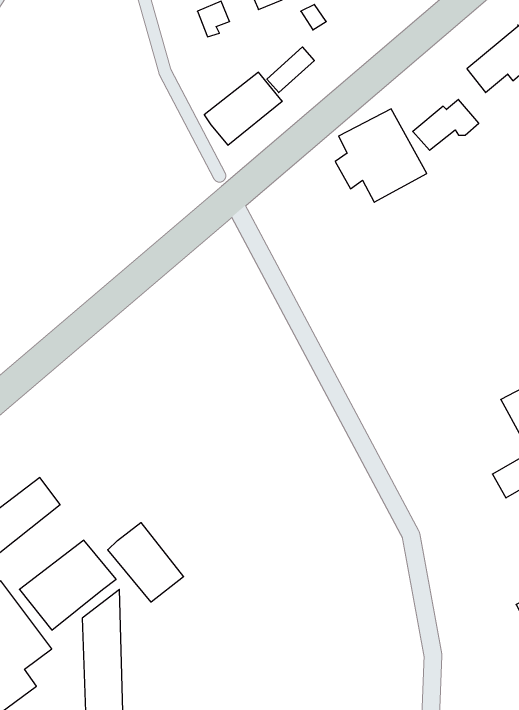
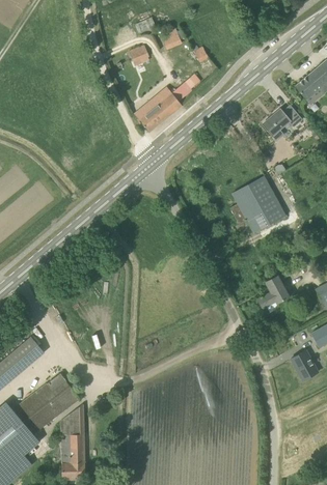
building: [335,109,427,202] -> [229,176,285,233]
building: none -> [257,276,290,309]
building: none -> [290,350,318,380]
building: [108,523,184,602] -> none

